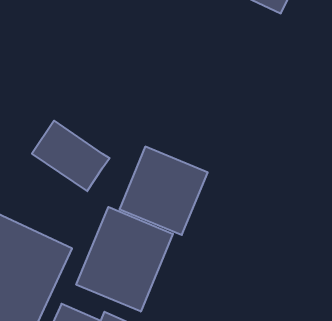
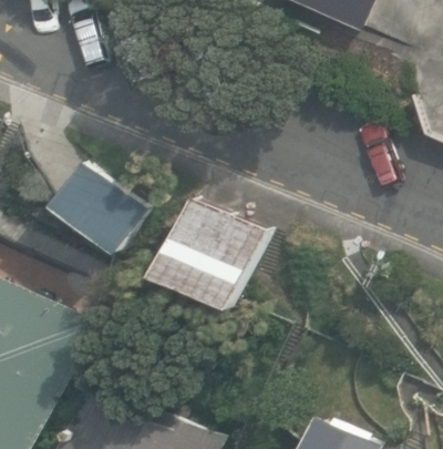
building: [76,207,173,312] -> none

